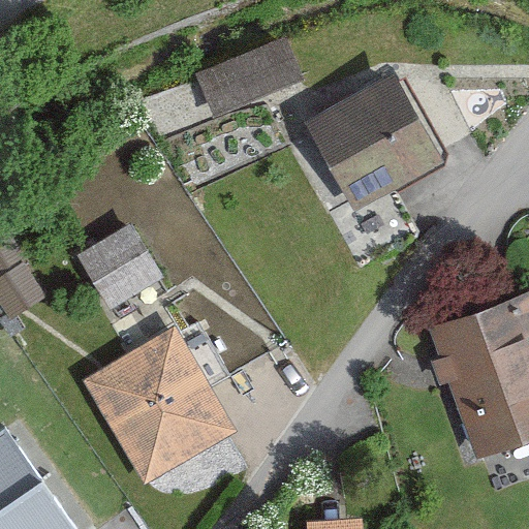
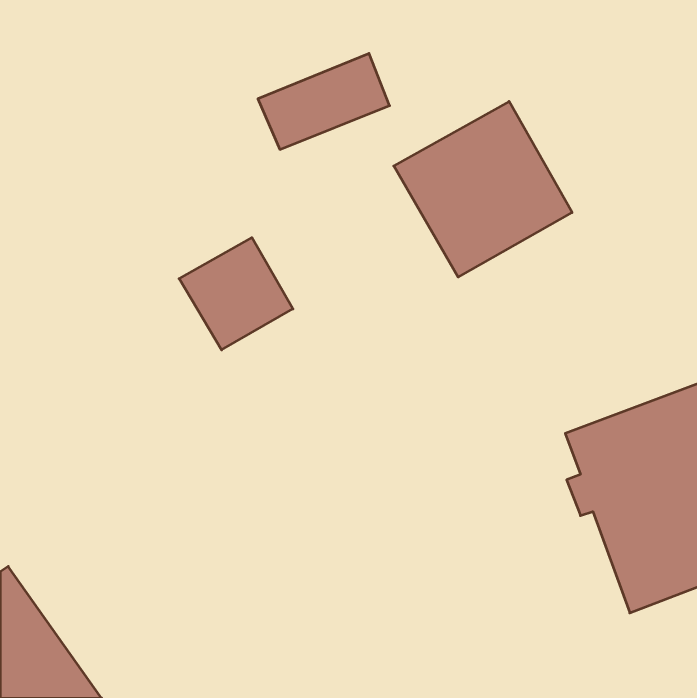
building: [72,226,158,311] -> [179,238,293,350]
building: [84,328,236,485] -> none

